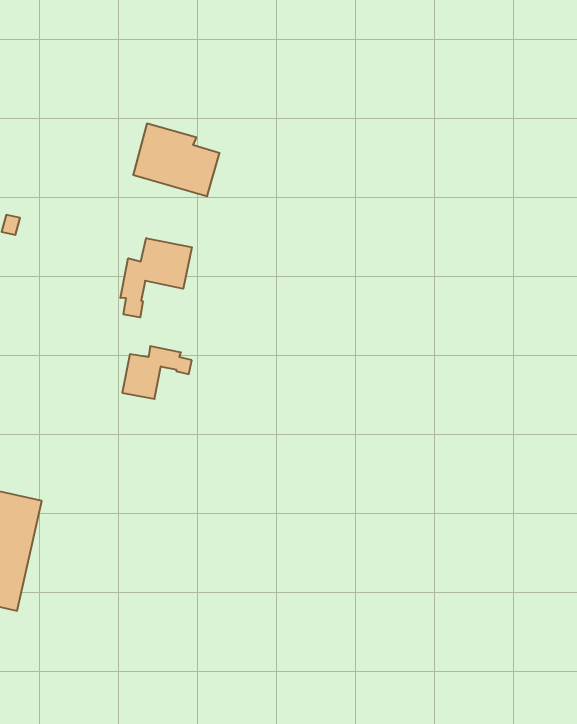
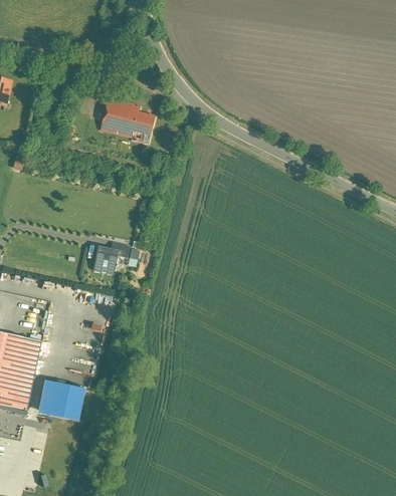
building: [120,238,192,317] -> none

